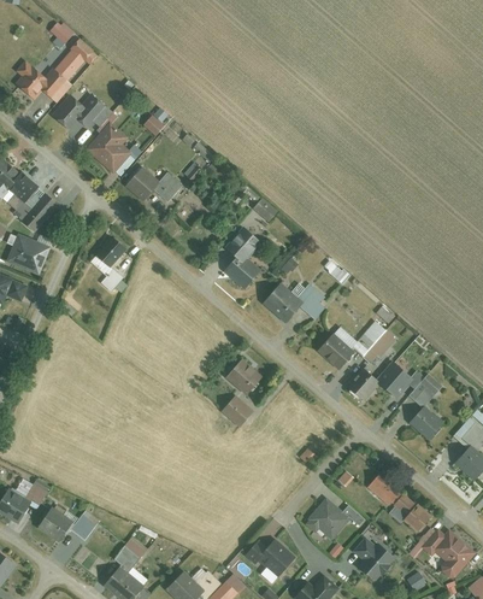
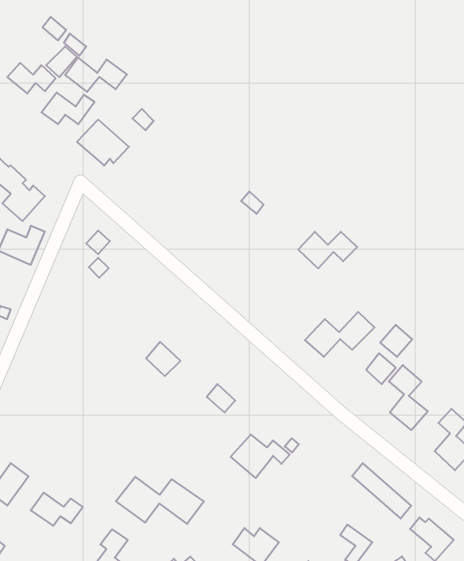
building: none -> [65,58,127,92]
building: [129,170,177,204] -> none
building: [225,228,260,288] -> none
building: [263,284,323,322] -> [298,232,357,268]
building: [228,357,263,392] -> [146,342,180,376]
building: [347,368,379,400] -> [380,325,412,357]
building: none -> [116,477,204,524]
building: [304,499,364,544] -> [231,434,290,478]

